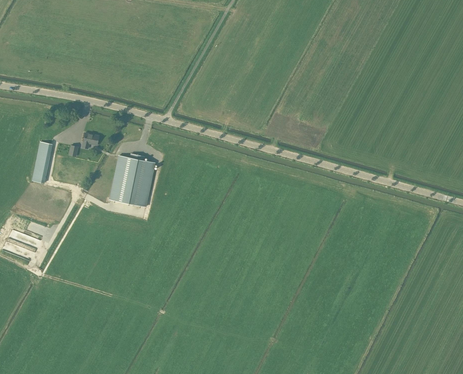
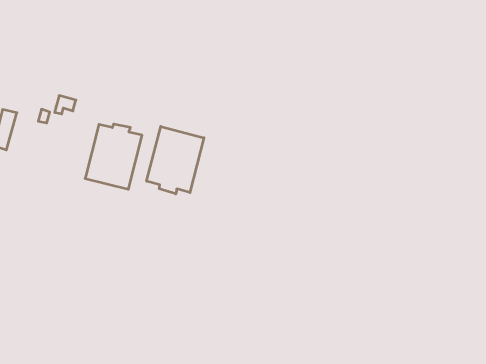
building: none -> [147,126,204,194]

